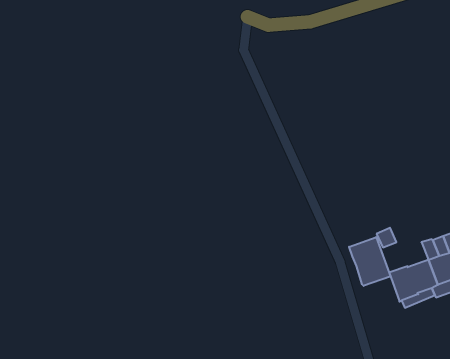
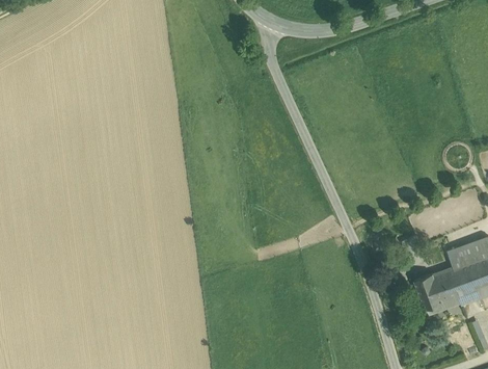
building: [349,237,390,286] -> none

